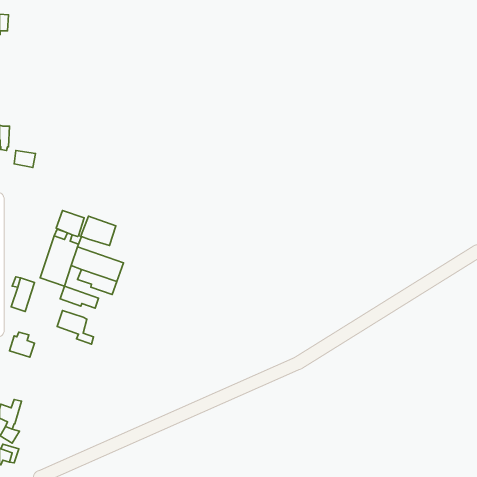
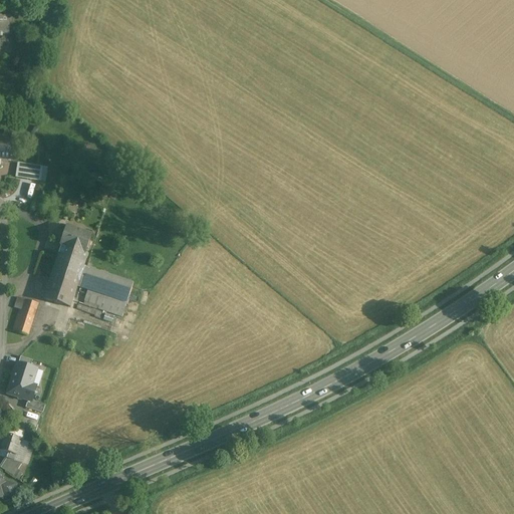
building: [81,216,116,245] -> none
building: [60,286,98,308] -> none
building: [57,311,93,344] -> [4,376,43,413]

